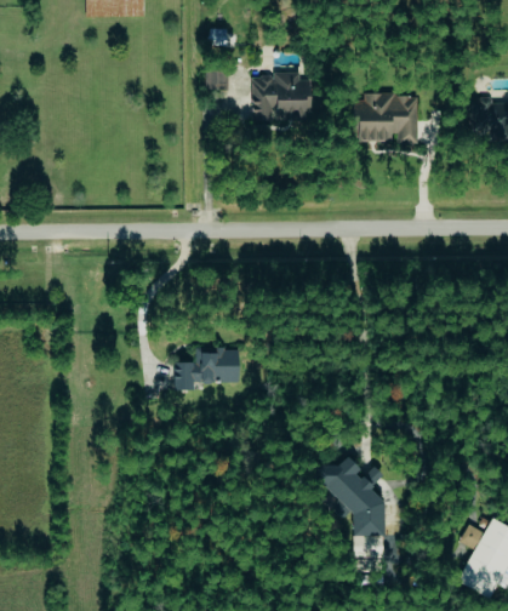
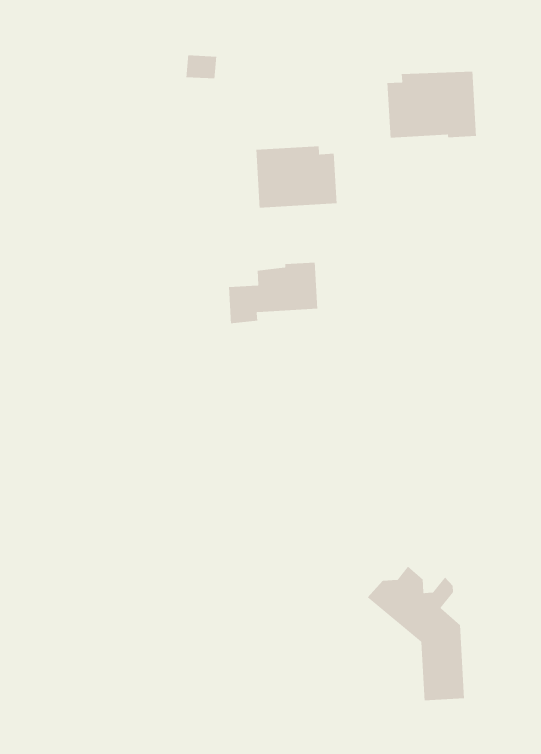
building: [252,73,310,116] -> [255,146,338,208]
building: [173,347,239,389] -> [228,262,318,324]

